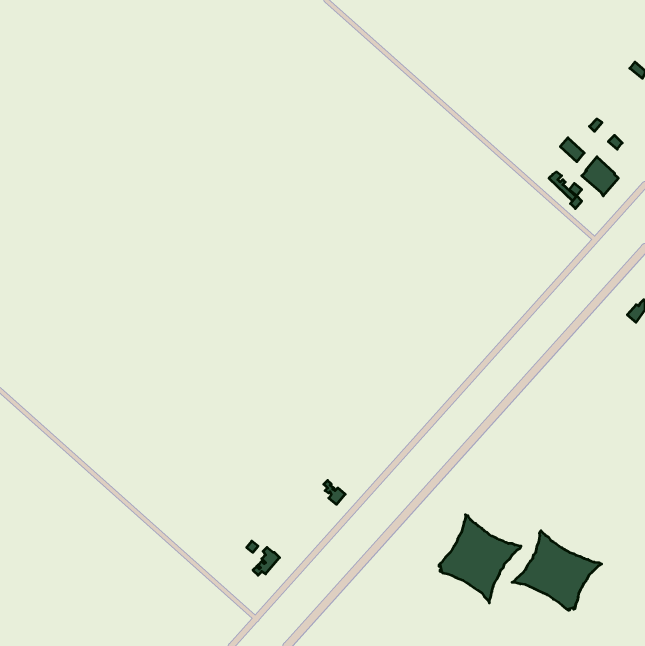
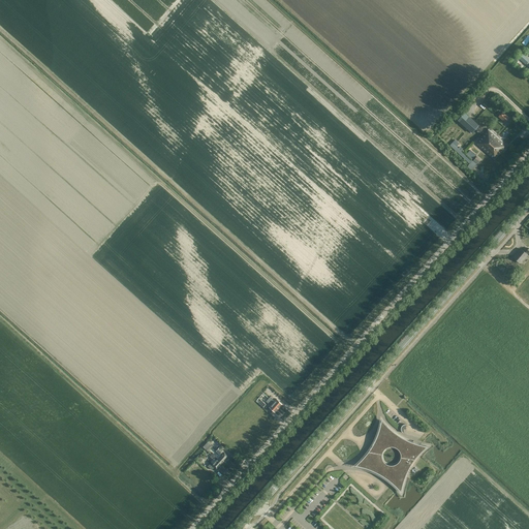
building: [512,531,602,610] -> none

